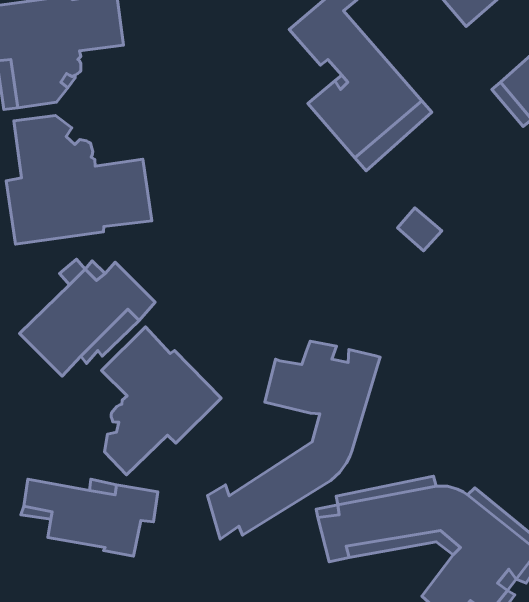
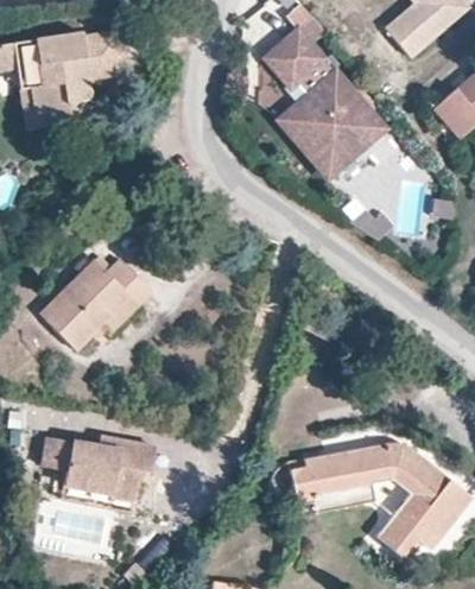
building: [6,115,152,244] -> none
building: [101,327,221,475] -> none
building: [207,341,380,539] -> none

